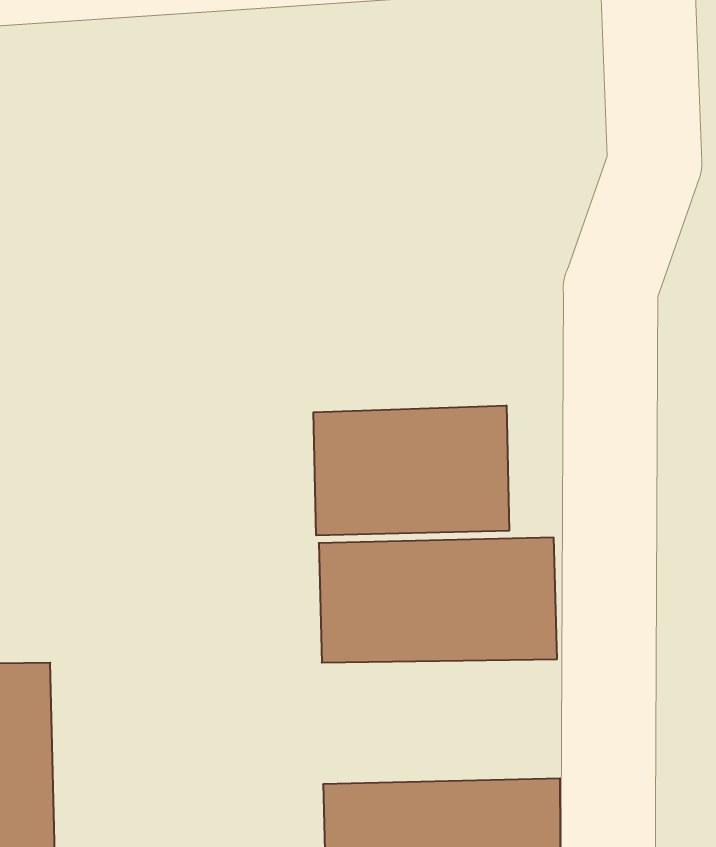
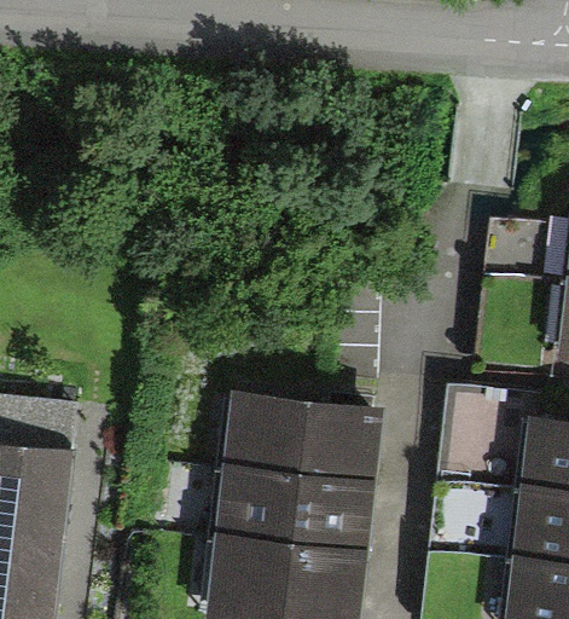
building: [313,405,509,535] -> none
building: none -> [220,472,371,560]

